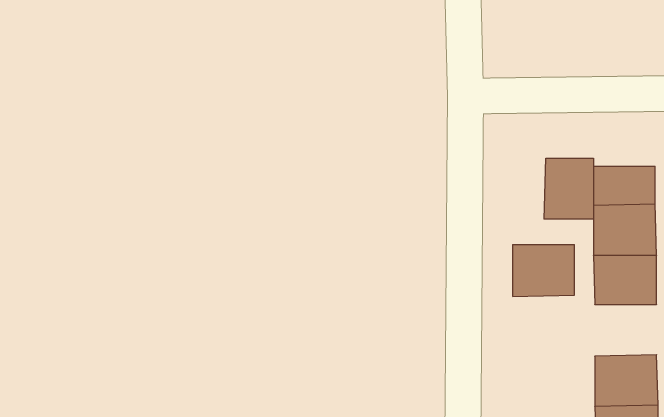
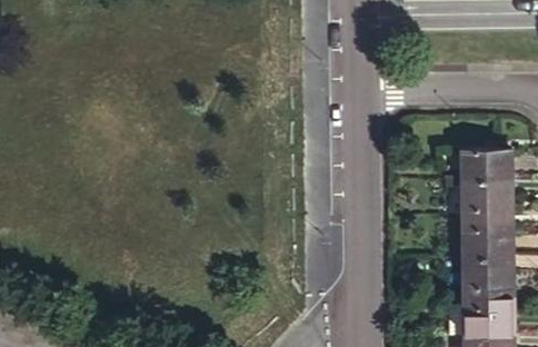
building: [544,158,593,219] -> none
building: [513,245,574,296] -> [462,256,510,296]

